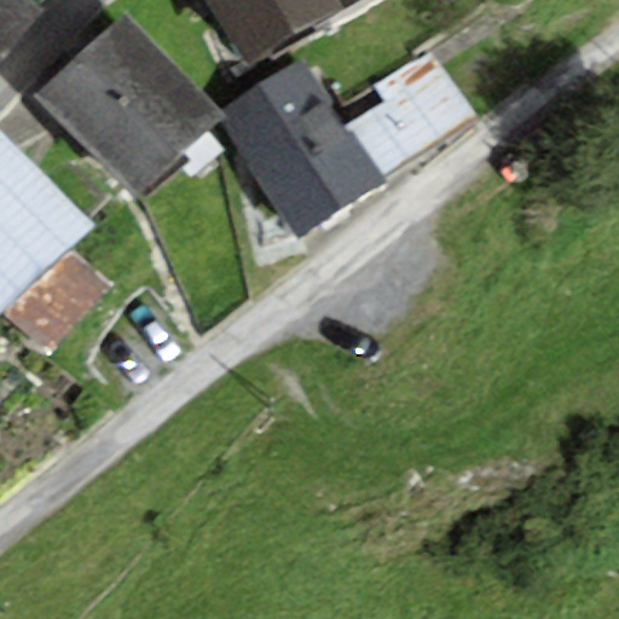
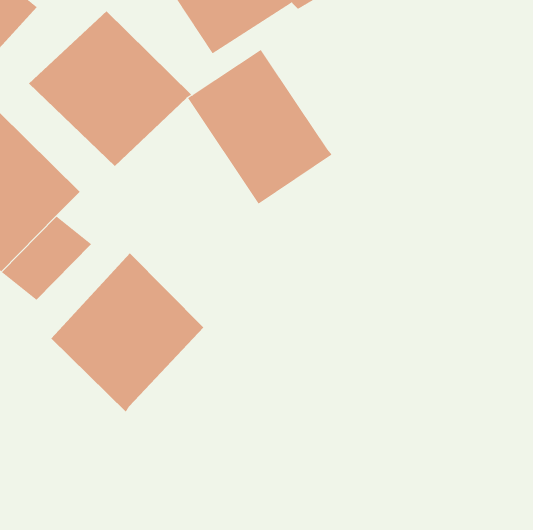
building: [346,48,473,173] -> none
building: none -> [50,252,204,412]

